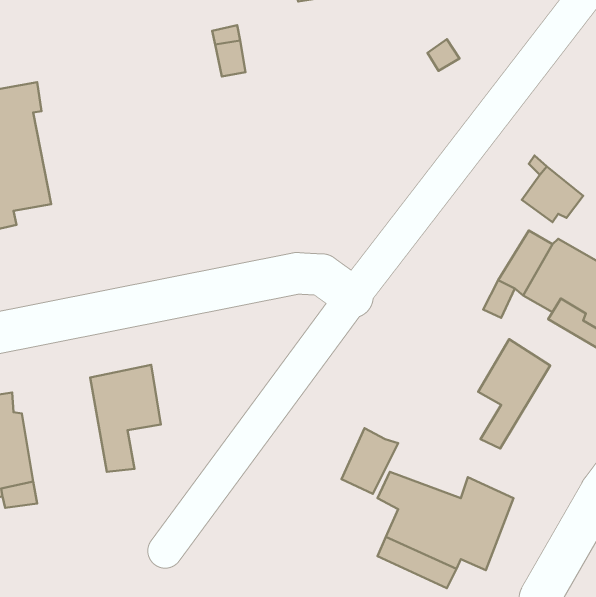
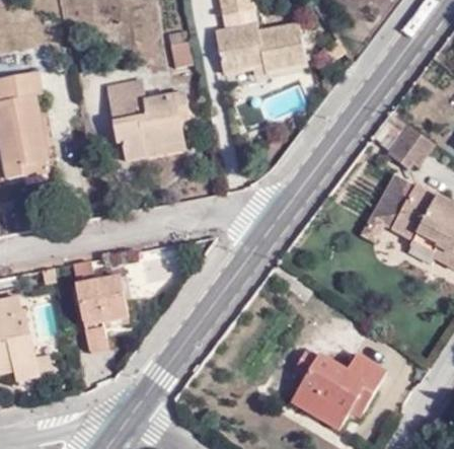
building: none -> [220,22,306,71]
building: none -> [105,76,187,157]
building: [478,339,550,448] -> none
building: [341,428,398,494] -> none

